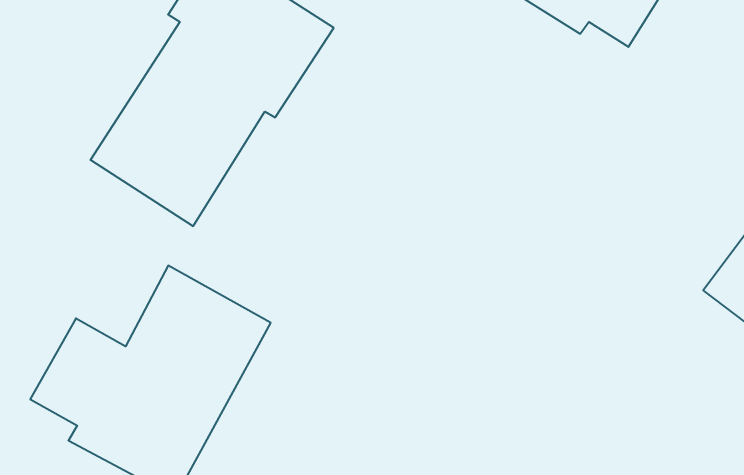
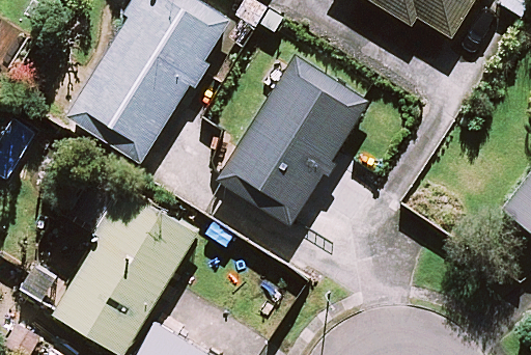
building: none -> [214,53,368,226]

